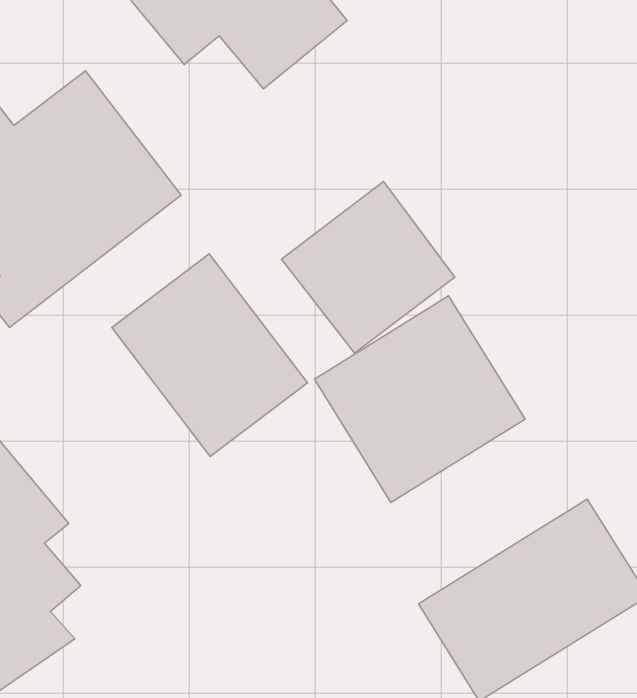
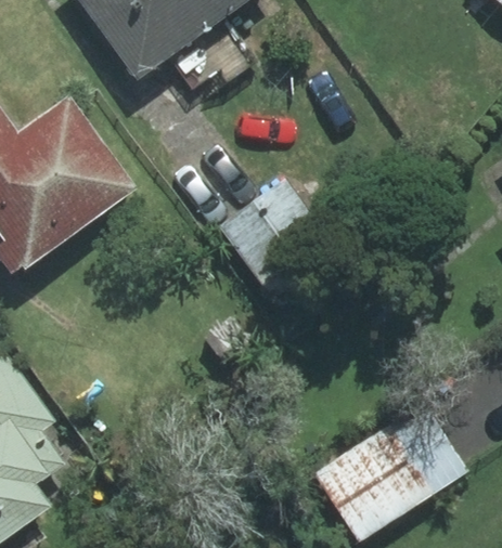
building: [112,254,307,457] -> none
building: [314,296,525,502] -> none

